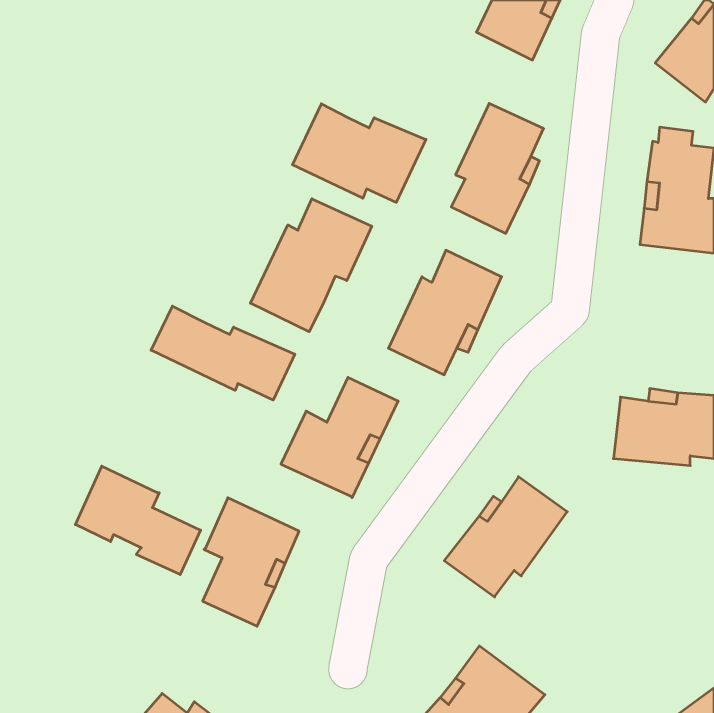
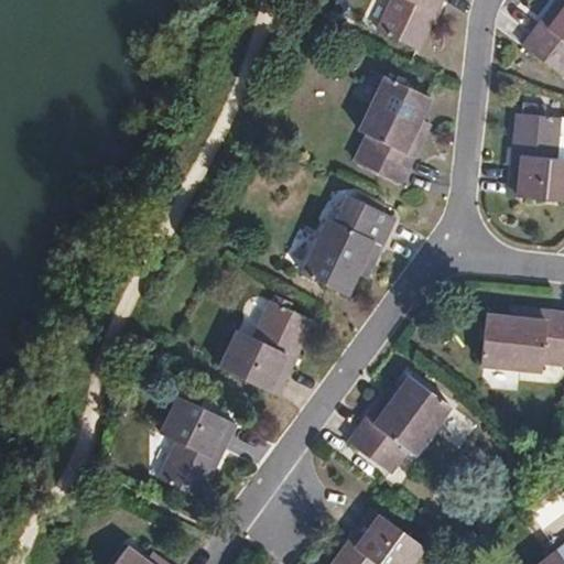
building: [292,104,426,202] -> none
building: [250,199,372,332] -> none
building: [151,306,295,400] -> none
building: [75,466,201,575] -> none

